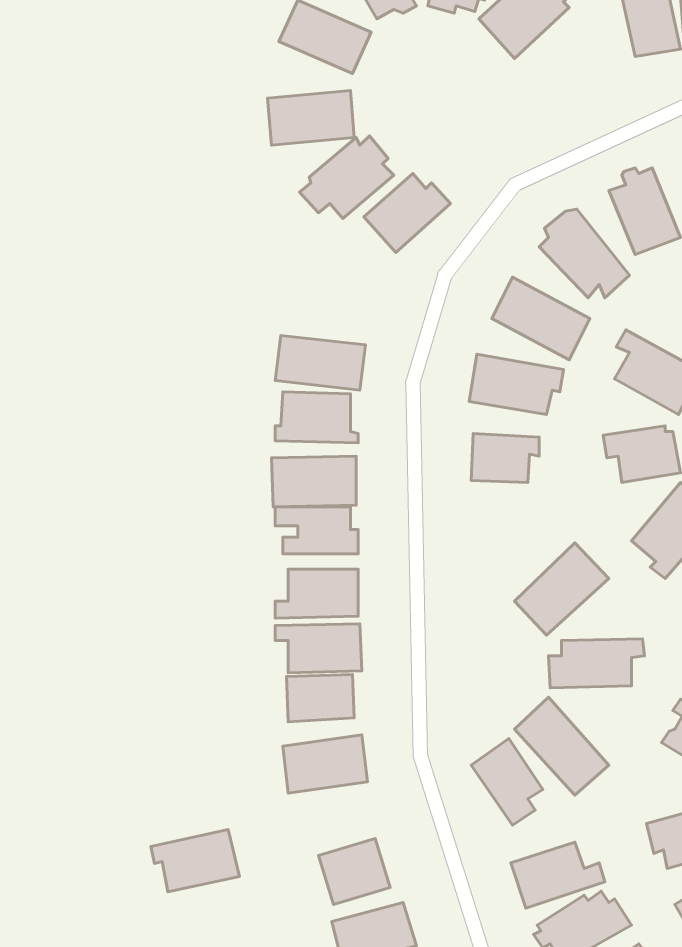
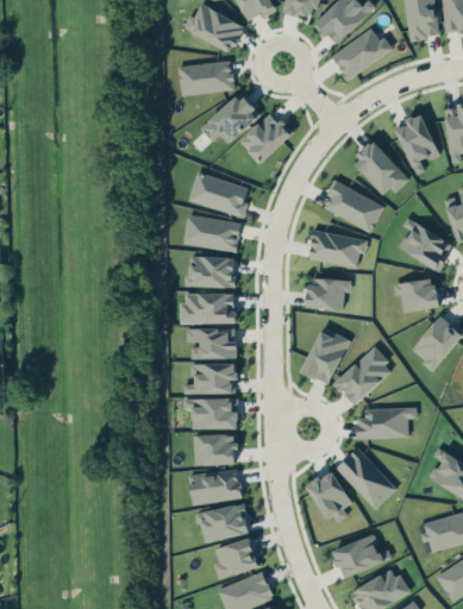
building: none -> [332,25,392,80]
building: none -> [189,172,249,218]
building: none -> [302,327,351,385]
building: [151,830,239,892] -> [195,503,251,542]

